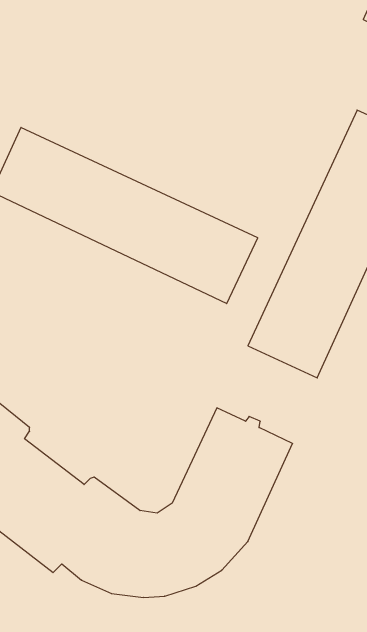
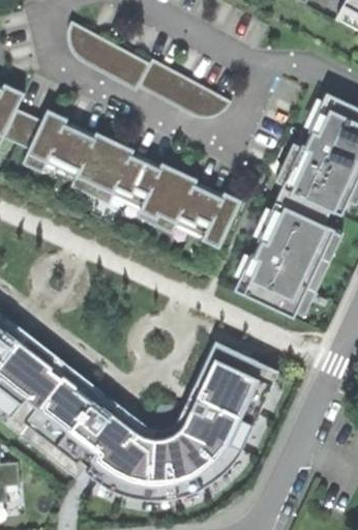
building: none -> [66,21,231,125]

